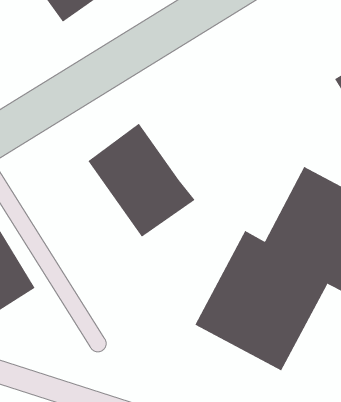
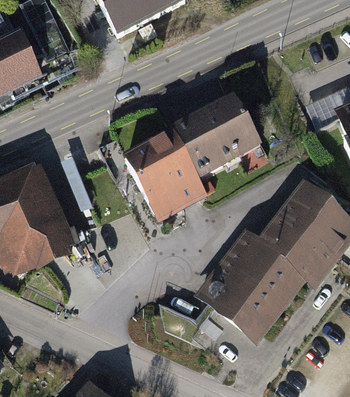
building: none -> [171,91,261,176]

